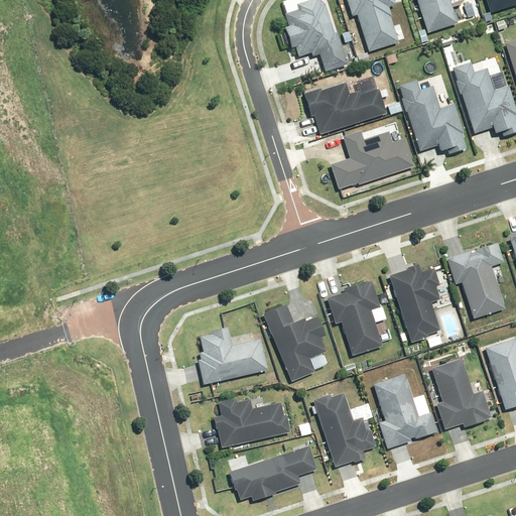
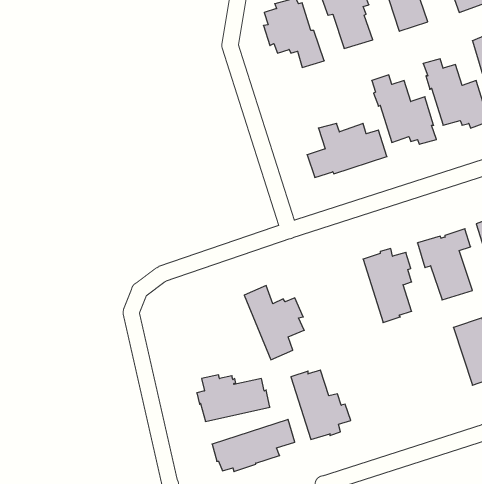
building: [303,83,387,134] -> none
building: [327,280,382,356] -> none
building: [198,328,268,385] -> none
building: [430,358,491,429] -> none
building: [373,374,437,448] -> none

